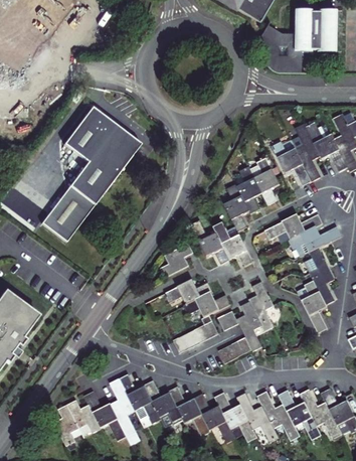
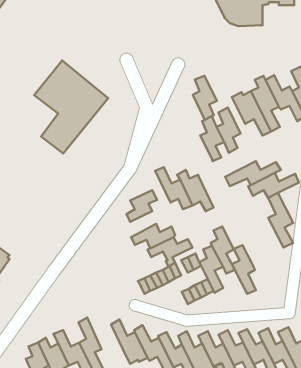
building: [225,184,250,230] -> [193,76,217,120]
building: [42,187,95,242] -> none
building: [303,281,328,332] -> [232,245,256,294]
building: [120,373,161,423] -> none

